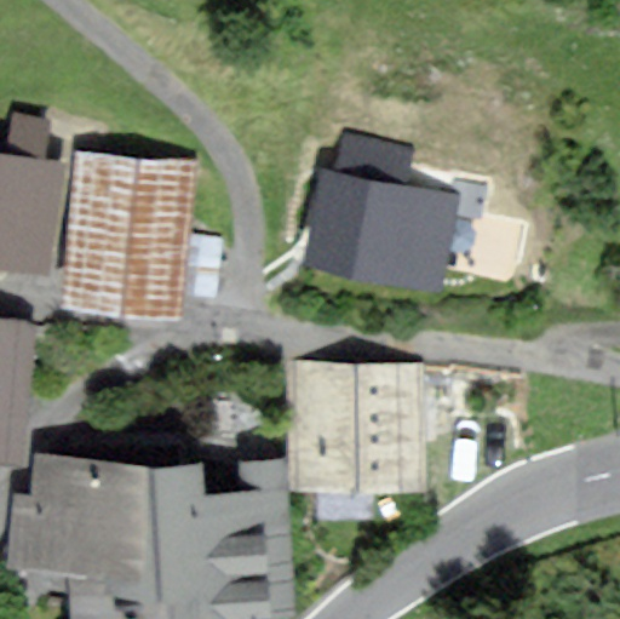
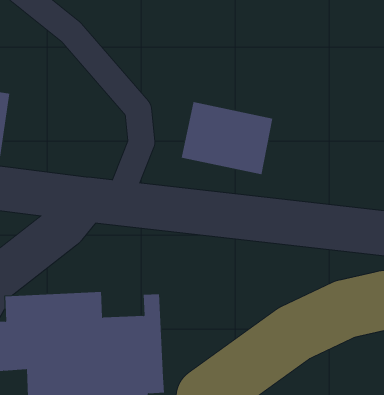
building: [68,155,185,306] -> none
building: [295,367,419,480] -> none

